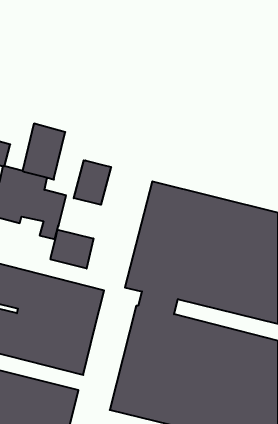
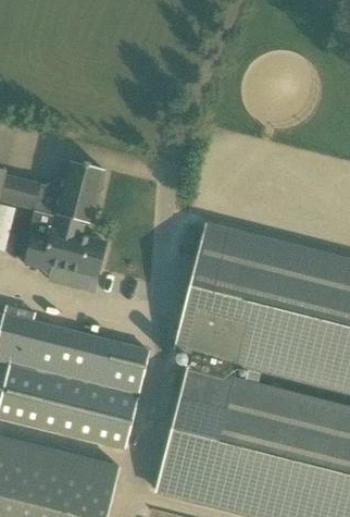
building: [74,160,111,205] -> none
building: [51,229,93,269] -> none

